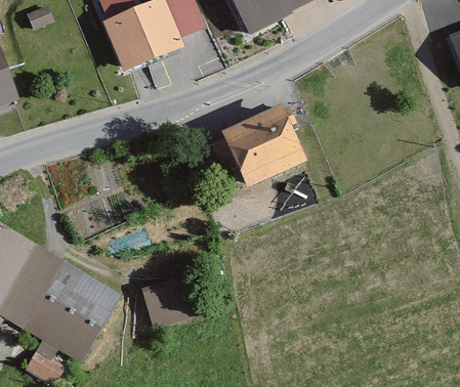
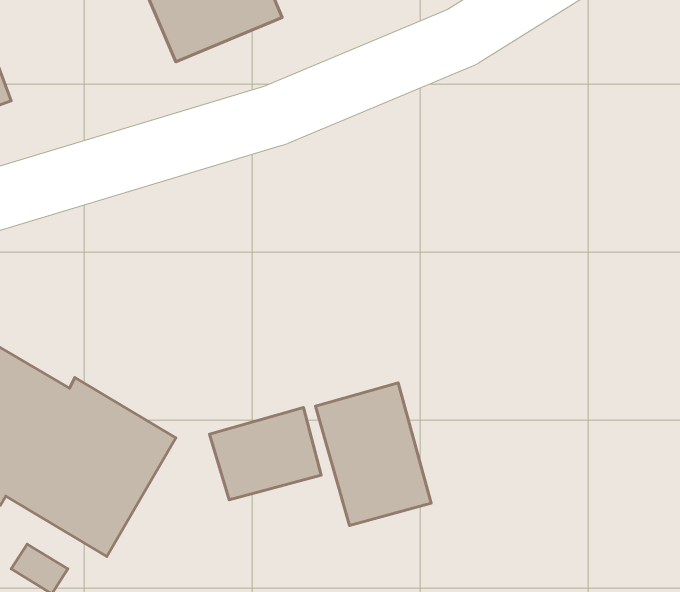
building: [212,109,297,189] -> none
building: none -> [315,383,431,525]

